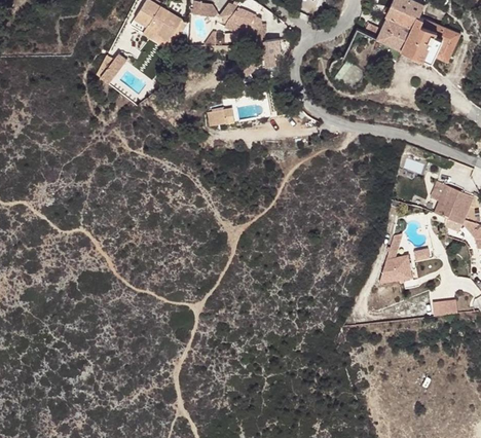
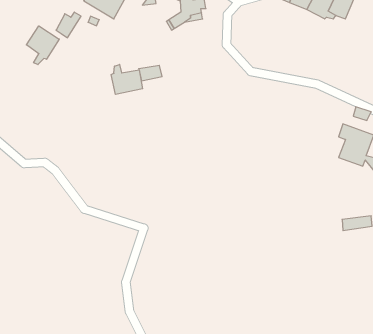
building: none -> [26,26,59,65]
building: none -> [111,64,143,94]
building: [380,234,437,285] -> none

